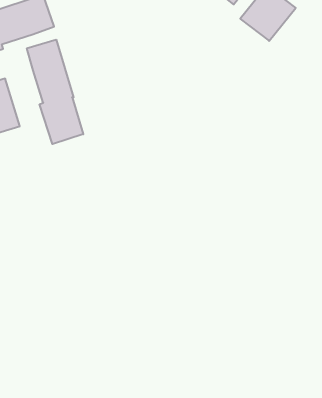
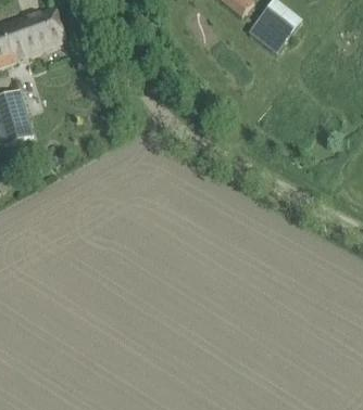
building: [27,40,83,144] -> none

